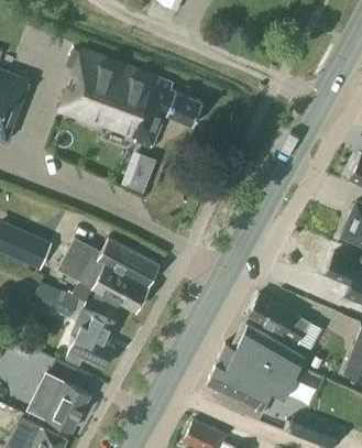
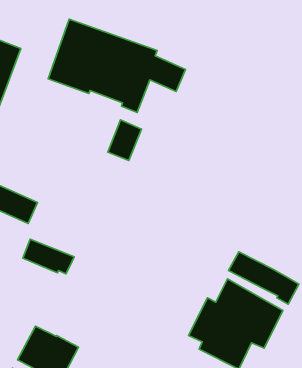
building: [61,238,160,312] -> none
building: [66,309,117,368] -> none

